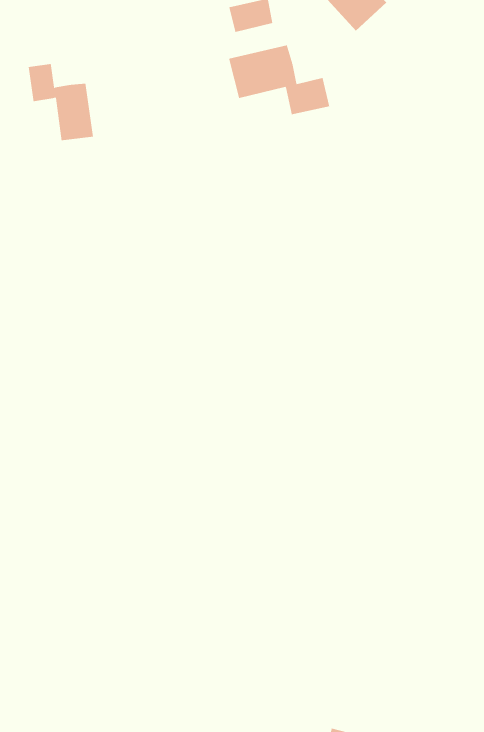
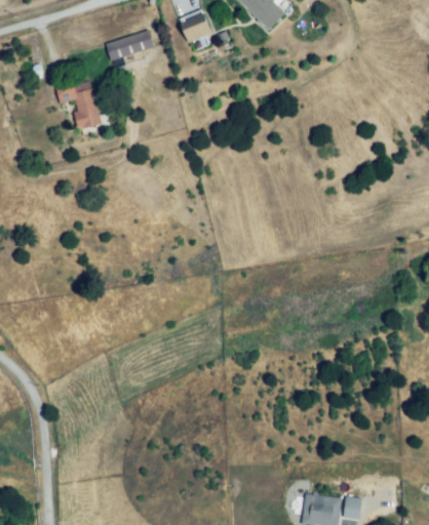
building: none -> [112,35,154,58]
building: [228,44,330,115] -> none

